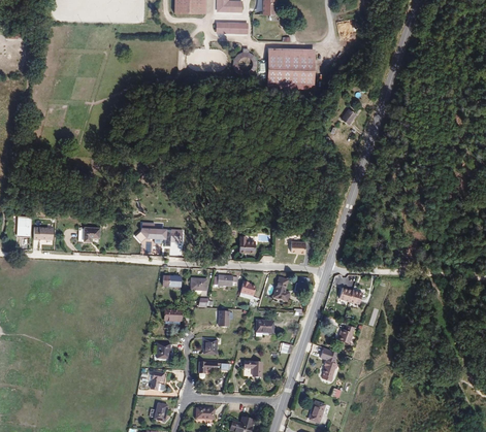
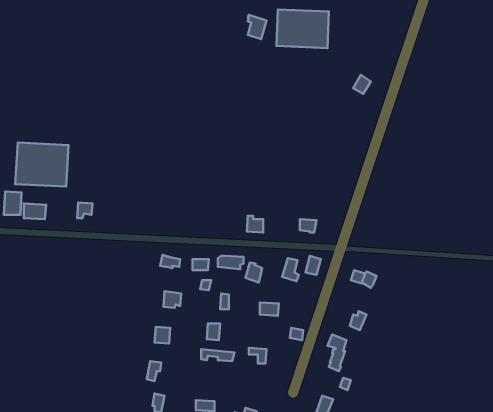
building: none -> [15,143,69,187]
building: [136,222,185,257] -> none

